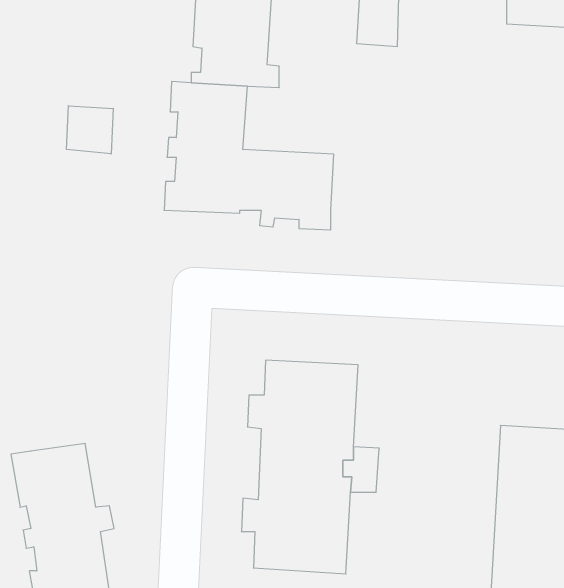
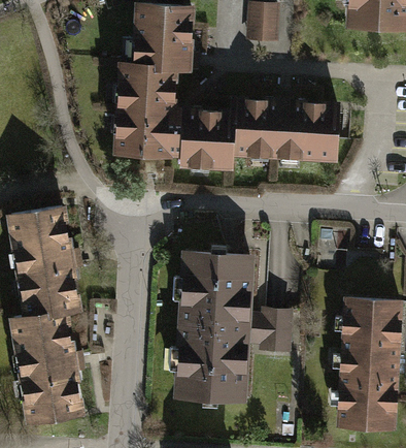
building: [66,106,113,154] -> none
building: none -> [230,95,336,159]
building: none -> [10,209,79,317]
building: none -> [261,311,290,351]

